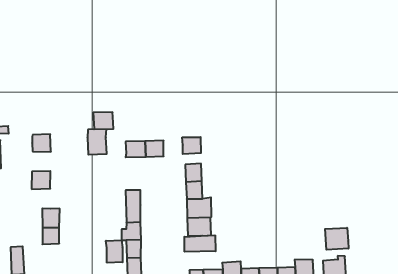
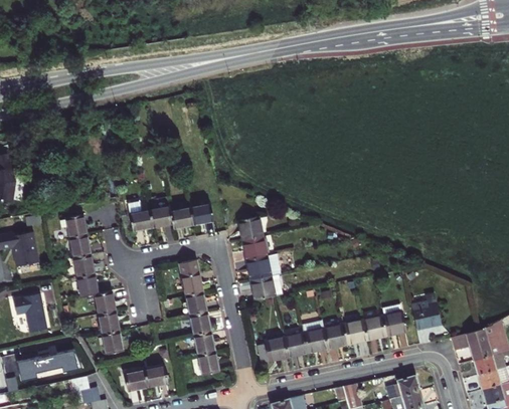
building: [93,112,113,129] -> [149,205,174,227]
building: [182,137,201,154] -> none
building: none -> [71,235,95,260]
building: none -> [77,275,102,300]
building: [325,228,348,250] -> none
building: [184,235,216,252] -> none
building: [106,240,123,263] -> none
building: none -> [100,334,121,357]

